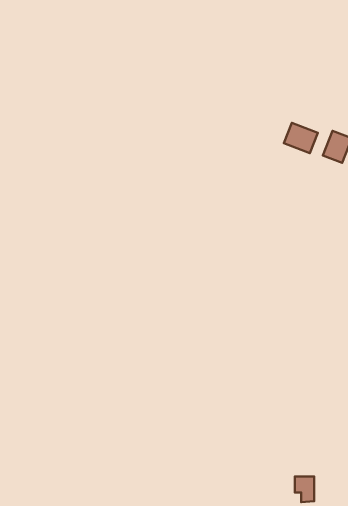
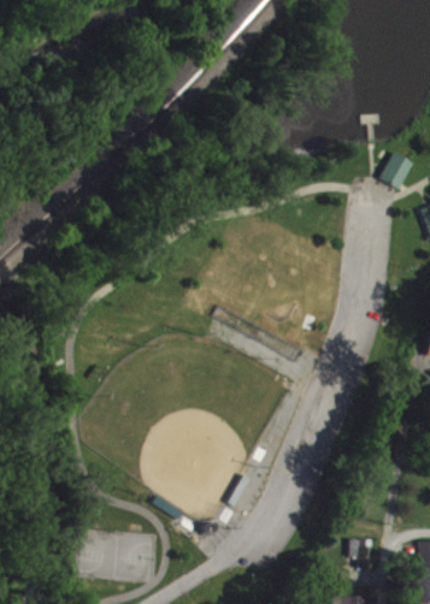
building: [284,123,318,153] -> none

